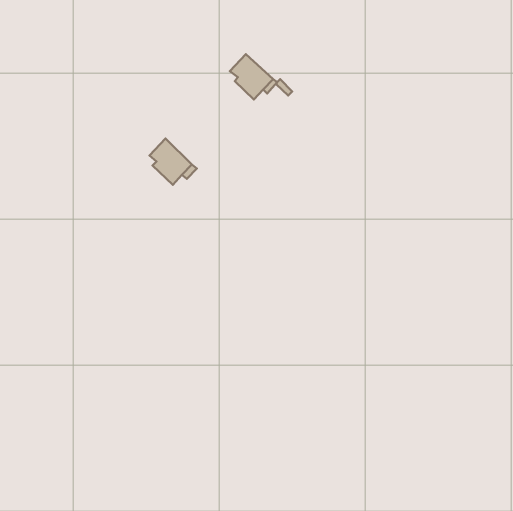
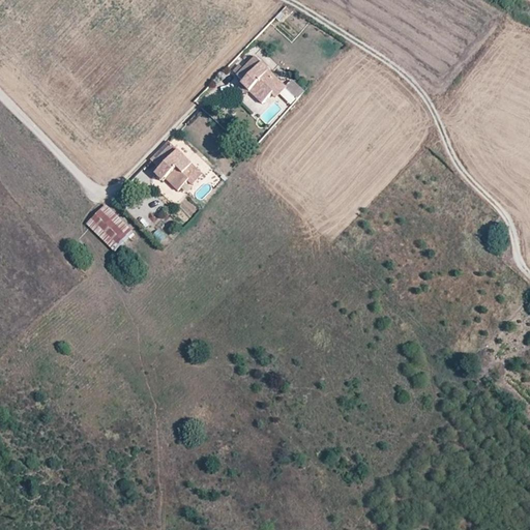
building: none -> [87,204,134,249]

